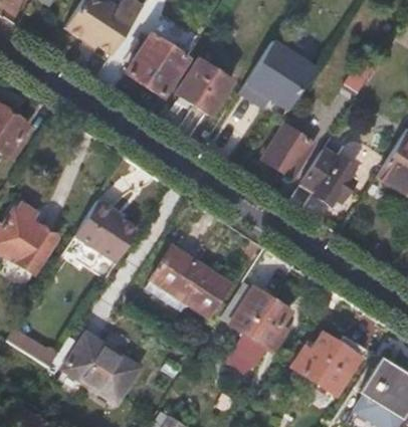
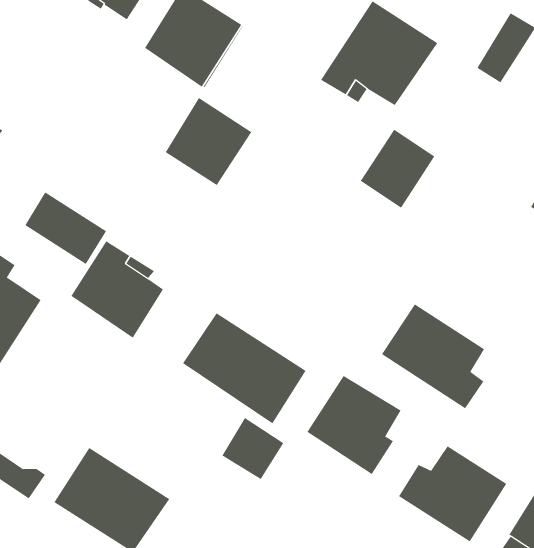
building: [176,56,233,115] -> [165,97,252,186]
building: [299,146,358,204] -> none
building: none -> [24,191,107,265]
building: none -> [381,304,485,409]
building: [228,334,269,375] -> [221,417,284,480]

